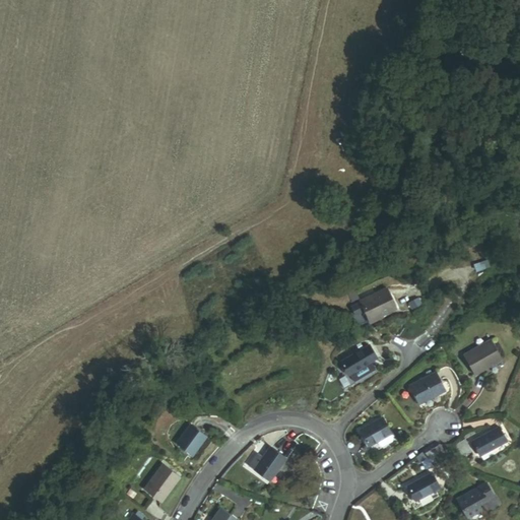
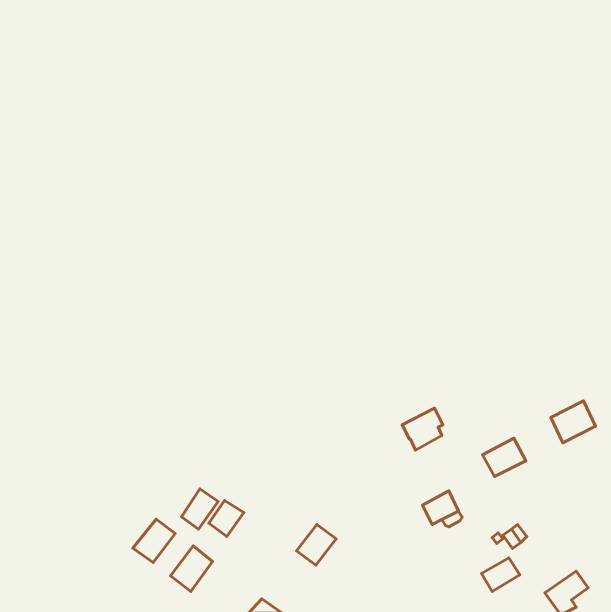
building: [349,287,394,321] -> none
building: none -> [181,489,218,529]
building: [473,428,507,456] -> none
building: none -> [133,519,175,563]

